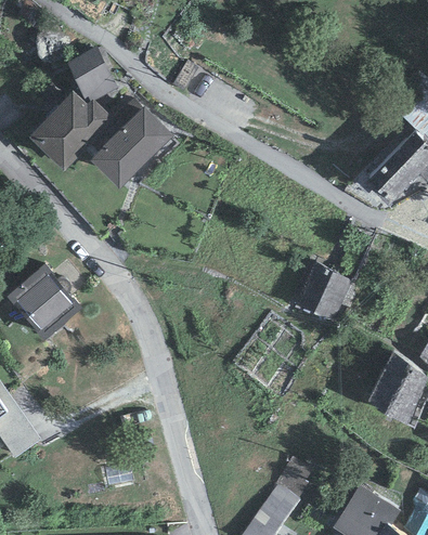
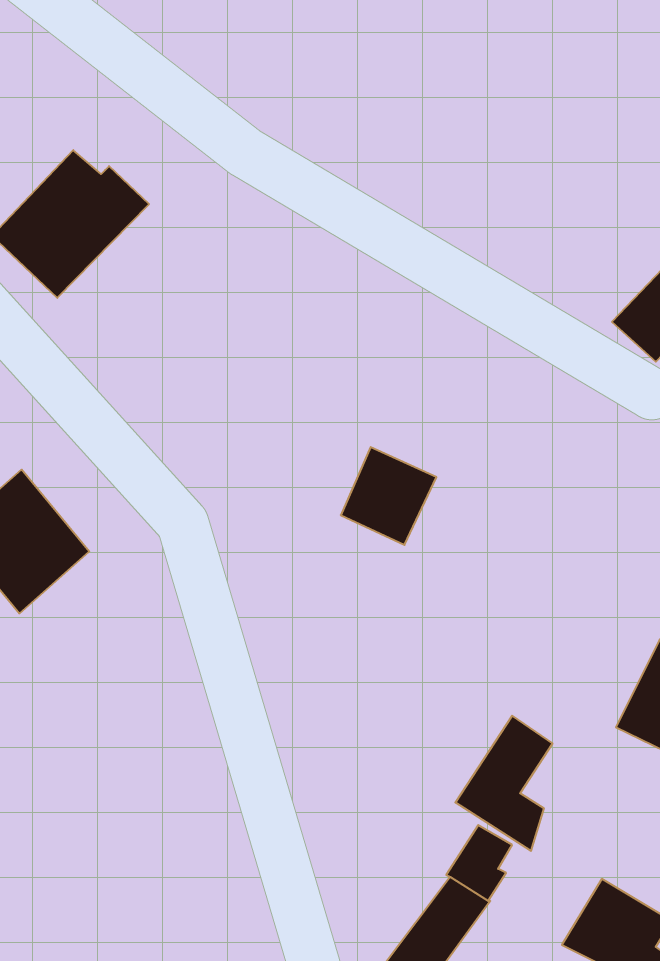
building: [66,45,117,101] -> none
building: [92,108,172,188] -> none
building: [298,264,350,317] -> [341,447,436,545]
building: none -> [455,716,552,851]

